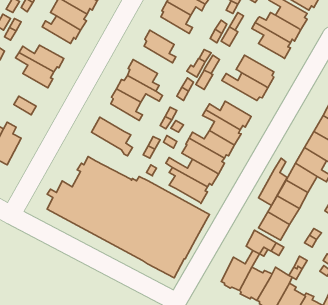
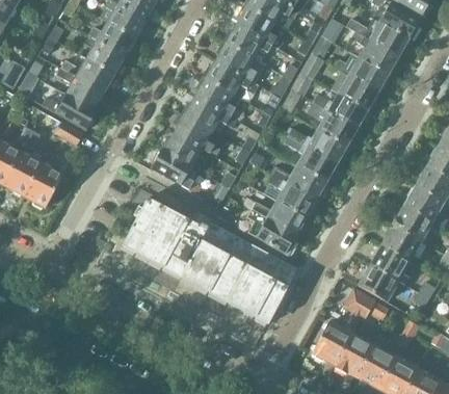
building: none -> [223,23,272,57]
building: none -> [85,35,125,75]
building: none -> [335,53,391,91]
building: none -> [203,59,252,94]
building: none -> [42,94,97,130]
building: none -> [309,102,358,147]
building: none -> [161,131,210,165]
building: [259,158,287,206] -> none

